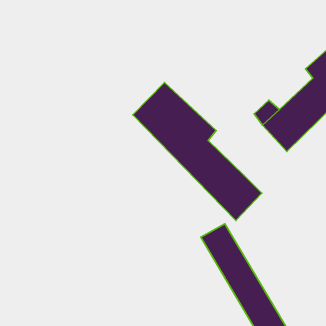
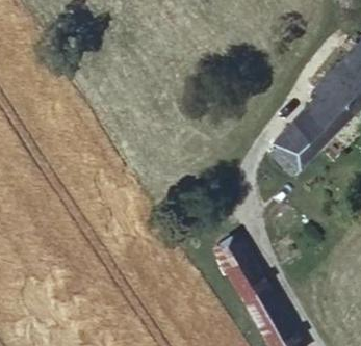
building: [133,82,262,220] -> none

